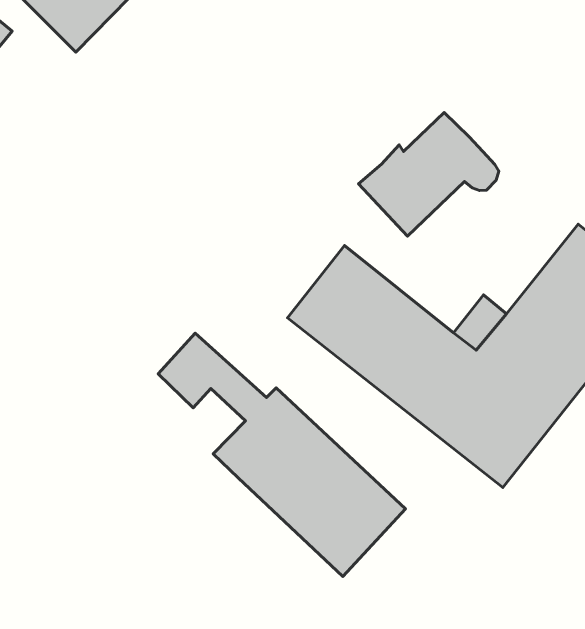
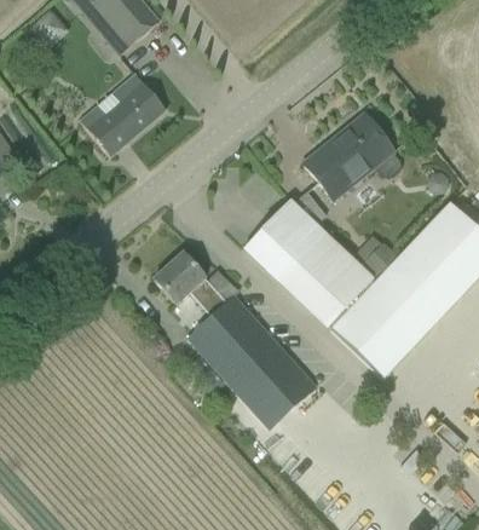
building: none -> [81,74,166,155]

